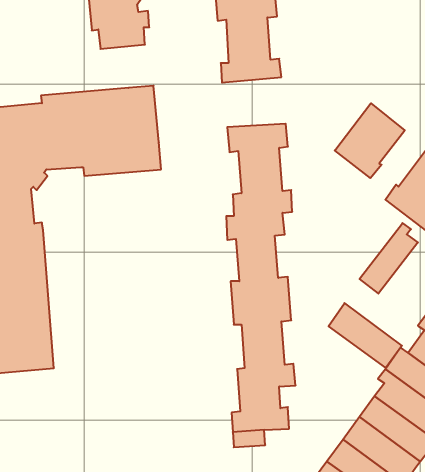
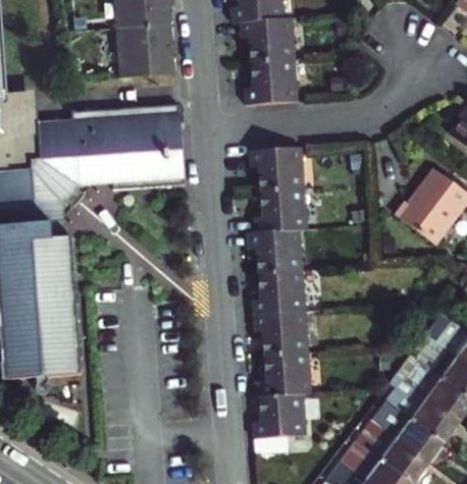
building: [335,103,405,178] -> none
building: [360,223,418,294] -> none
building: [329,303,402,368] -> none

